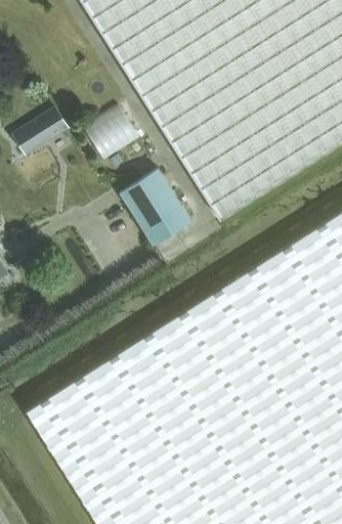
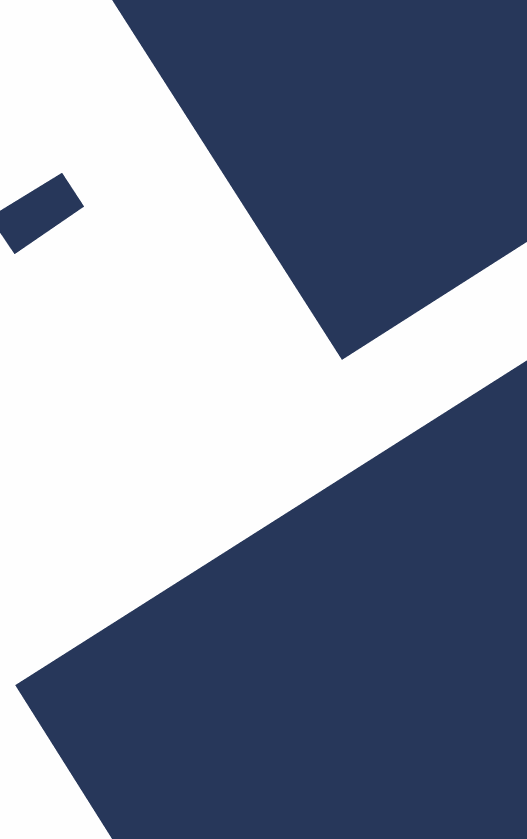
building: [84,100,140,156] -> none
building: [121,168,191,245] -> none

